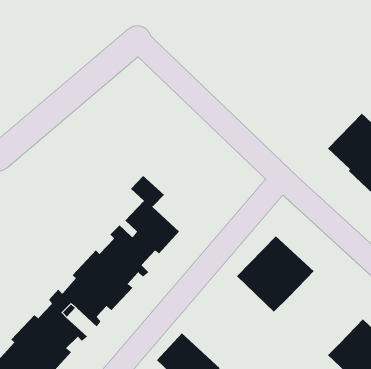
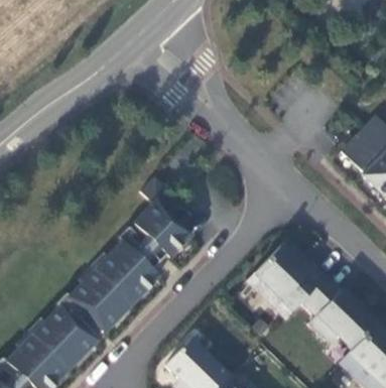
building: none -> [301,277,376,351]

